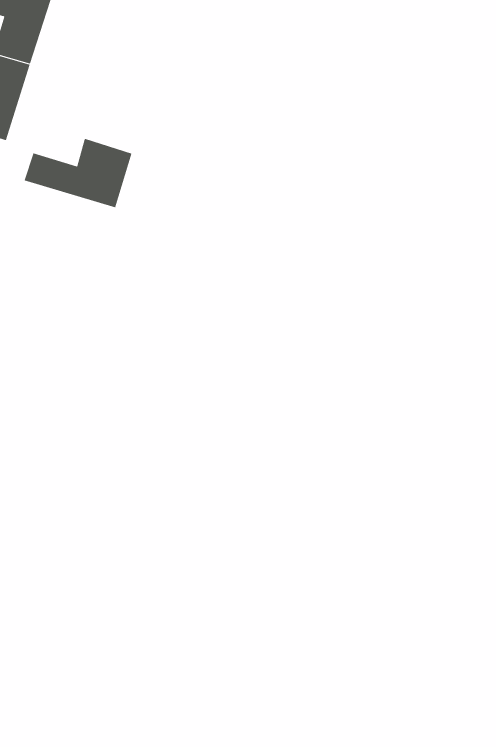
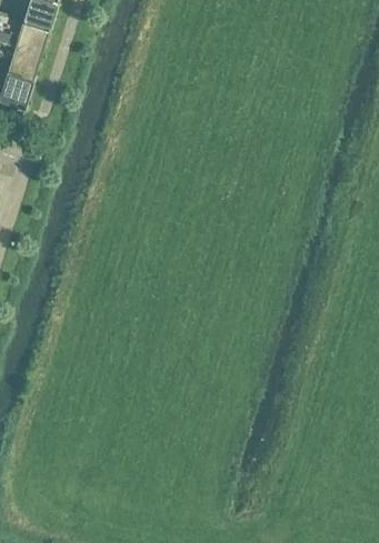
building: [24,138,132,208] -> none

